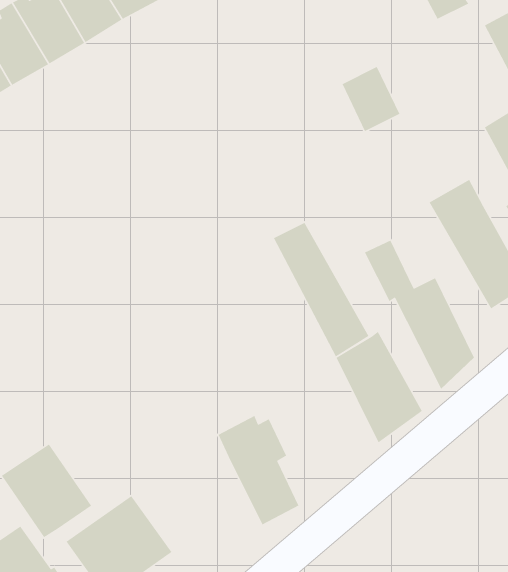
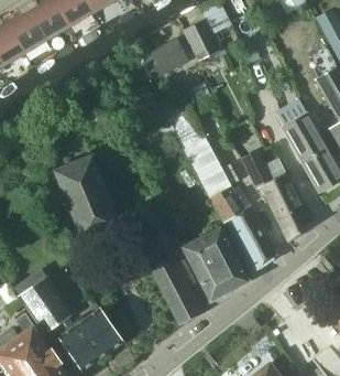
building: none -> [141,39,187,79]
building: [341,66,400,132] -> [183,20,219,61]
building: none -> [53,153,120,241]
building: none -> [180,226,249,302]

